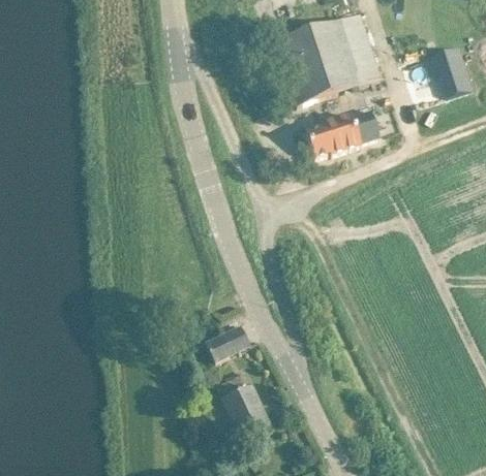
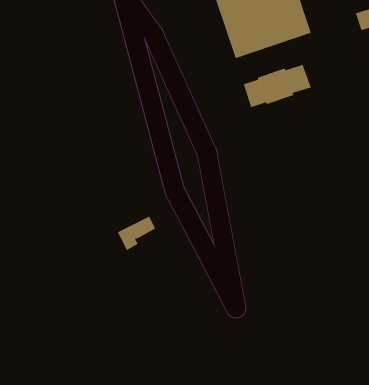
building: [206,324,248,362] -> [117,215,156,251]
building: [216,372,271,437] -> none

